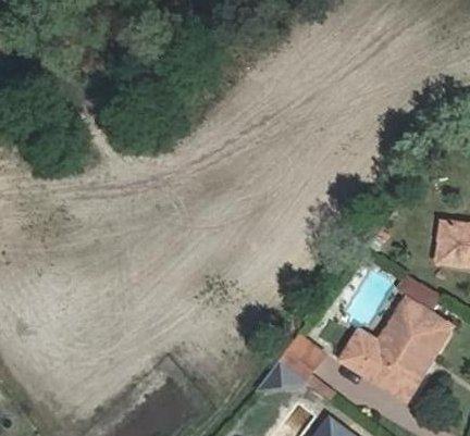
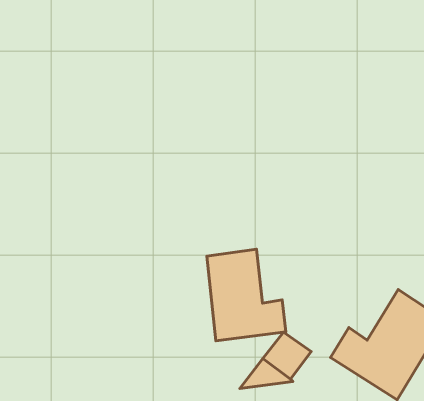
building: none -> [207,249,286,341]

